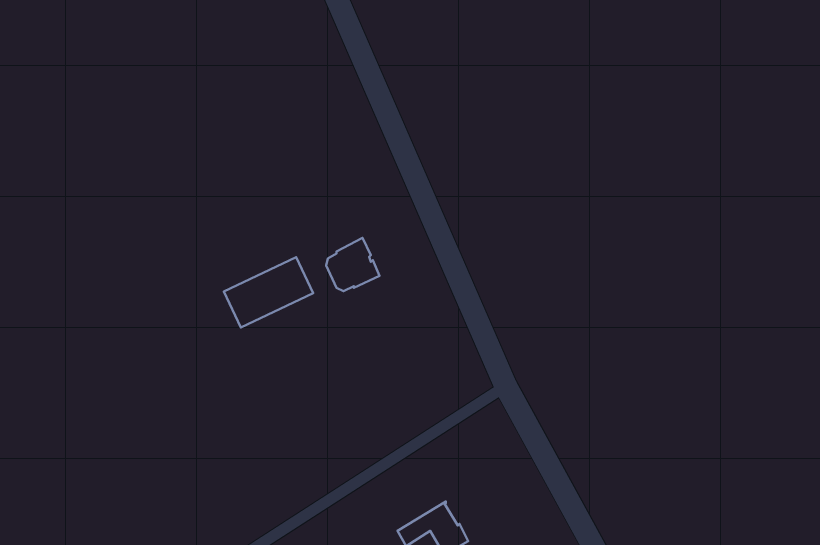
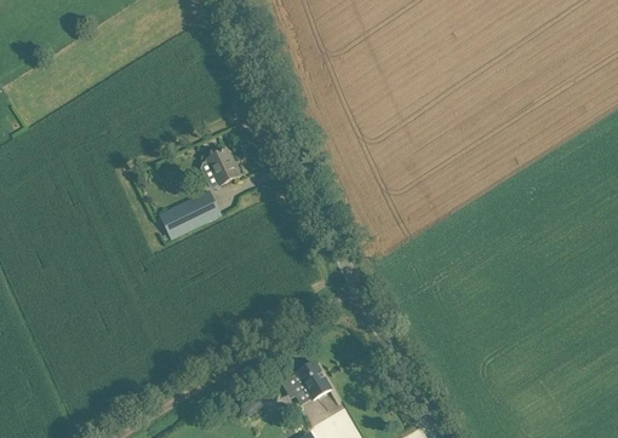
building: [326,238,380,291] -> [201,150,239,188]

